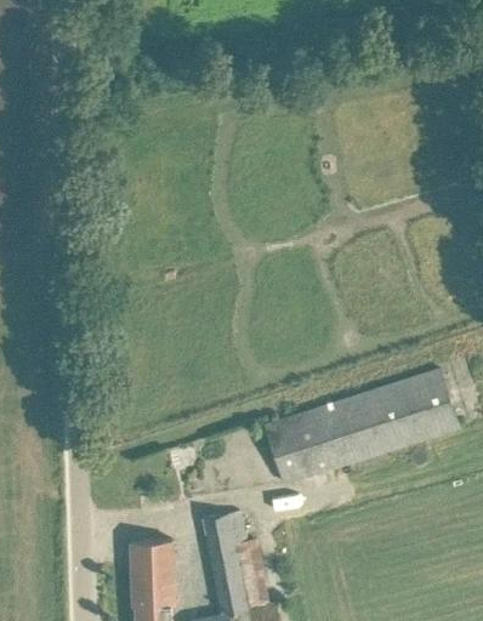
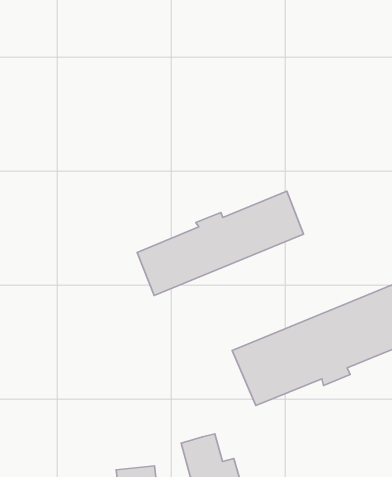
building: none -> [137,191,304,296]

